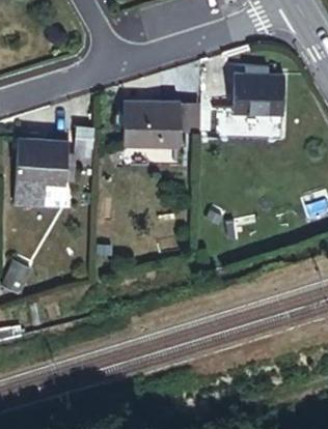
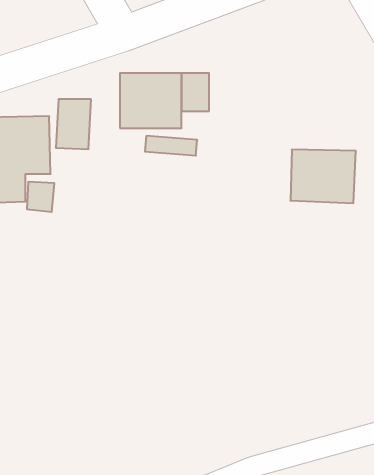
building: [229,74,281,116] -> [290,150,356,203]

